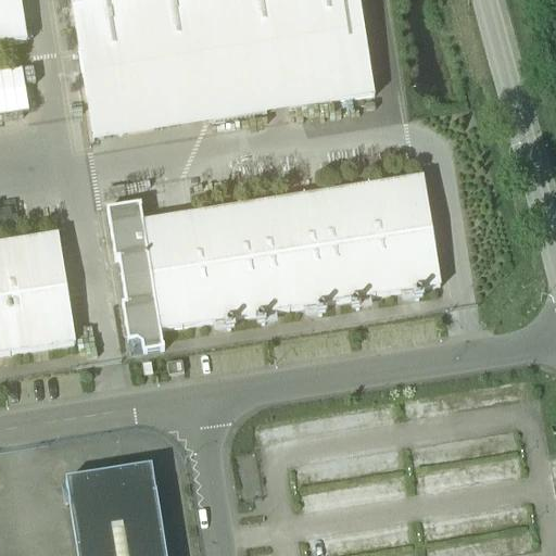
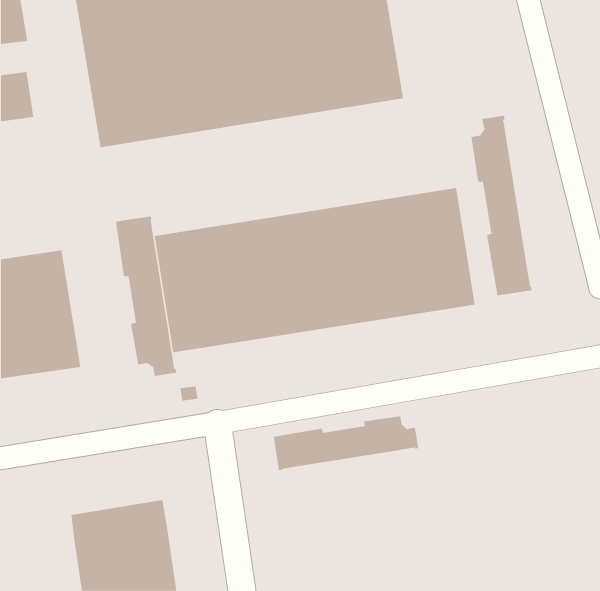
building: none -> [471,115,532,296]
building: none -> [273,415,419,471]

